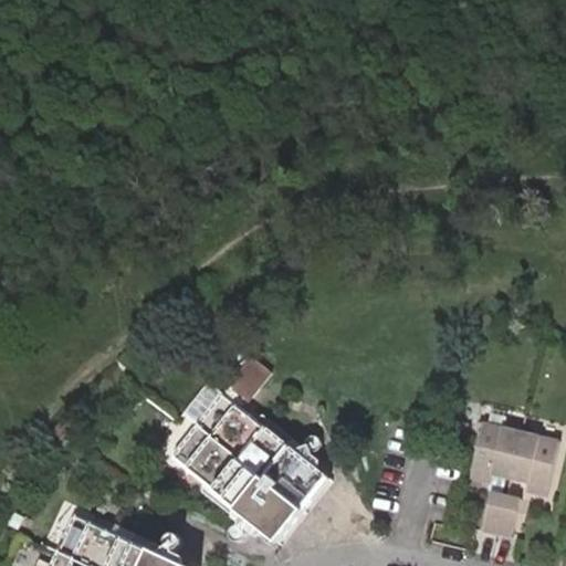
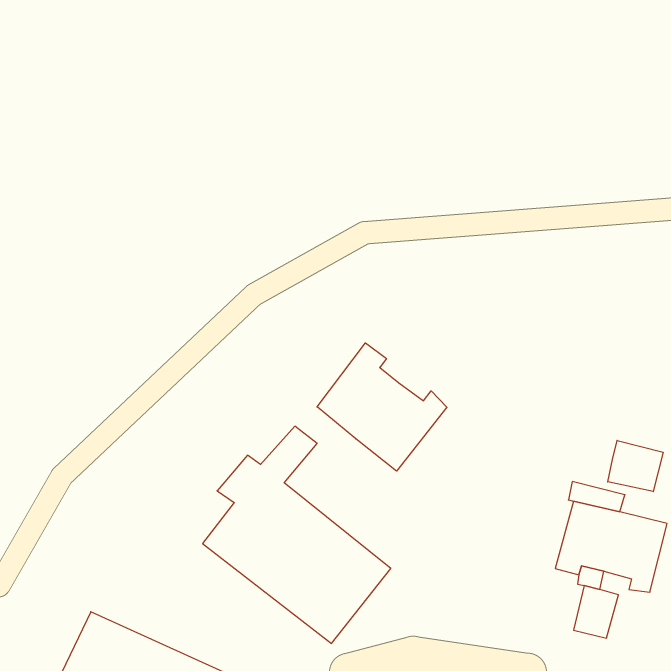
building: none -> [317,343,447,471]
building: none -> [608,440,663,492]

